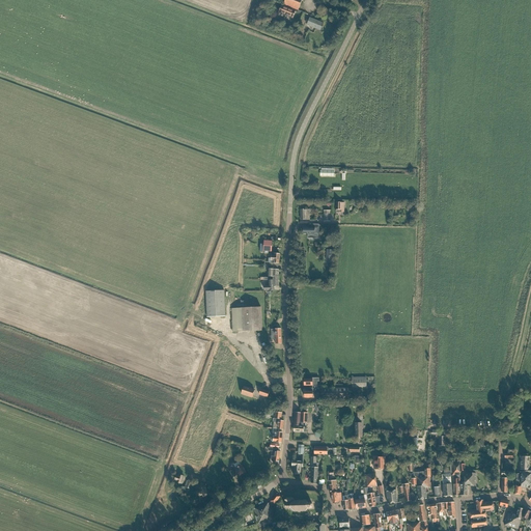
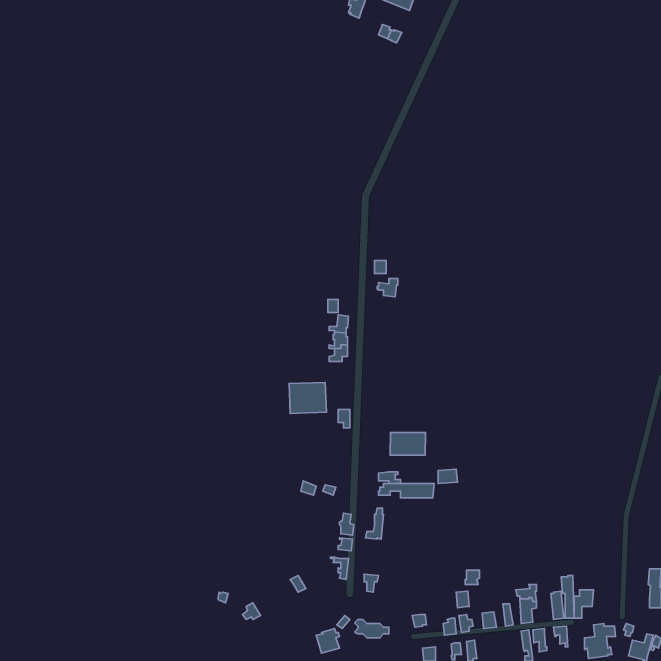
building: [205,289,224,316] -> none
building: none -> [390,432,425,455]

